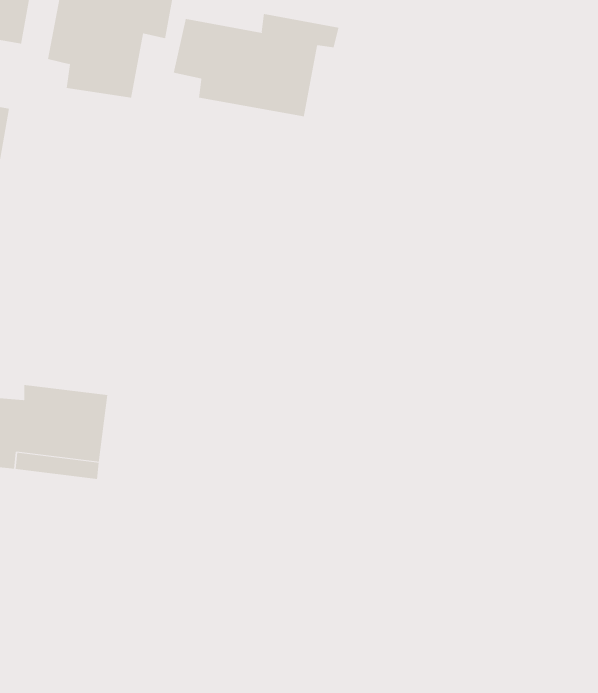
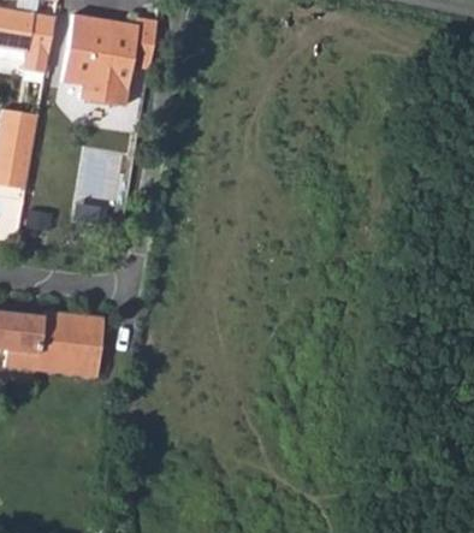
building: [173,13,339,117] -> none

